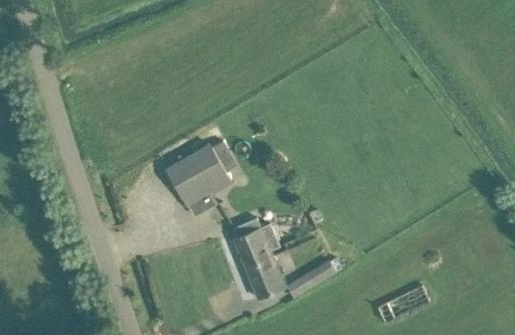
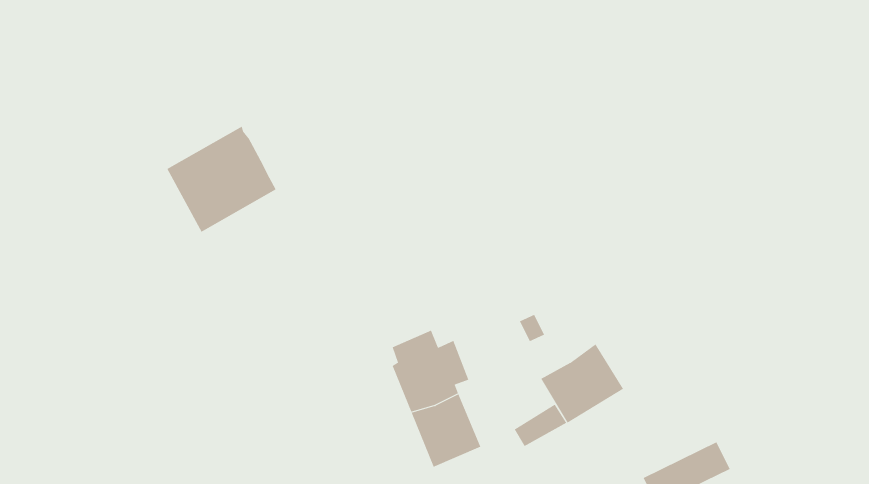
building: [166,145,230,207] -> [167,126,277,233]
building: none -> [541,344,624,423]

